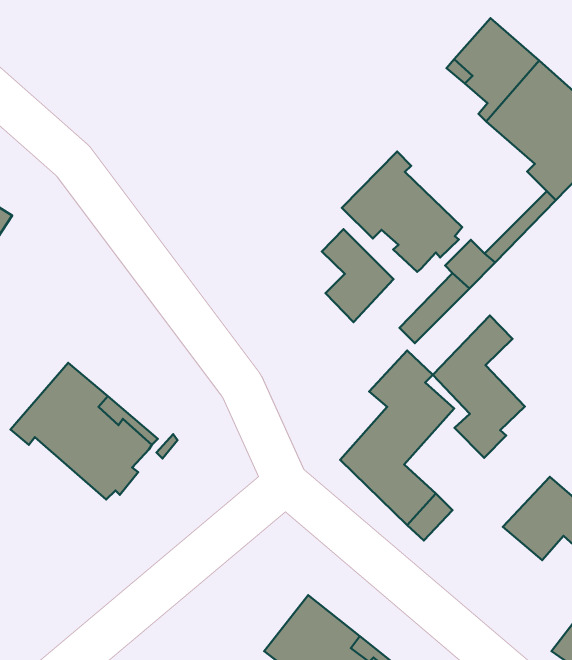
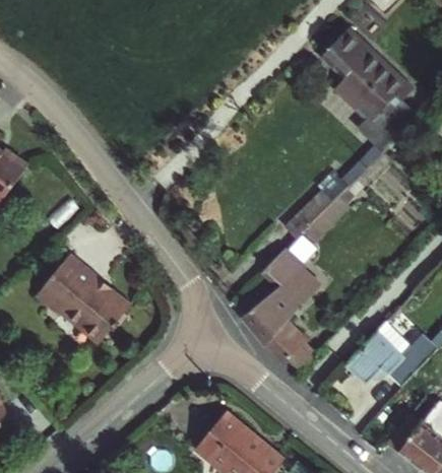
building: [342,152,462,272] -> none
building: [322,229,393,322] -> none
building: [433,315,525,458] -> none

